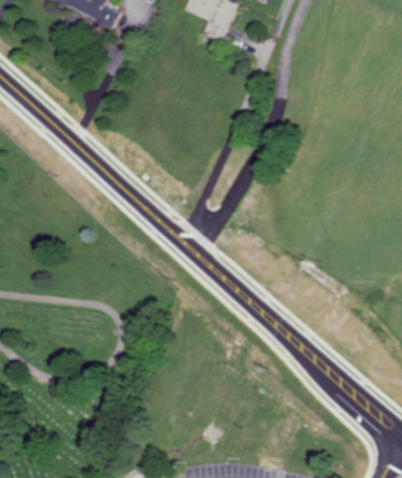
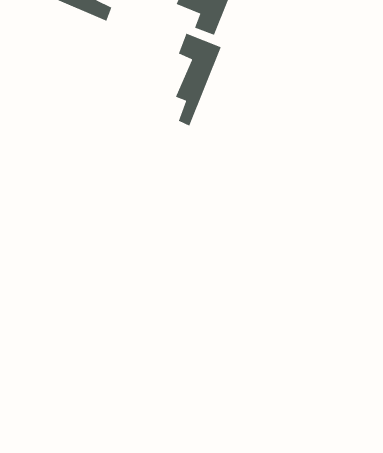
building: none -> [175,33,222,126]

